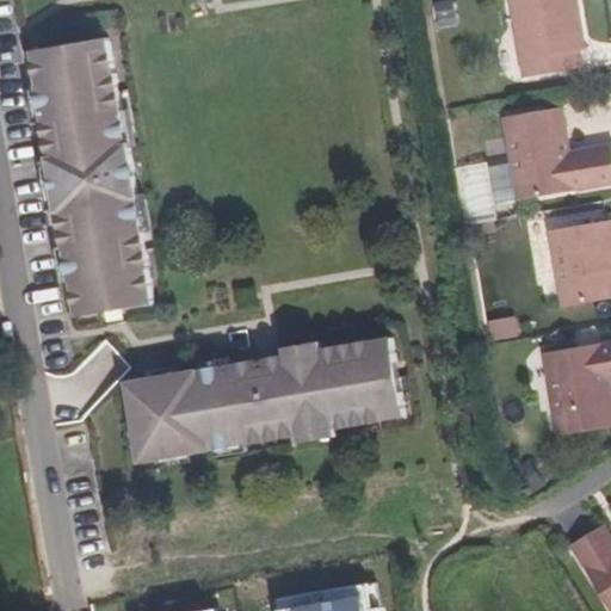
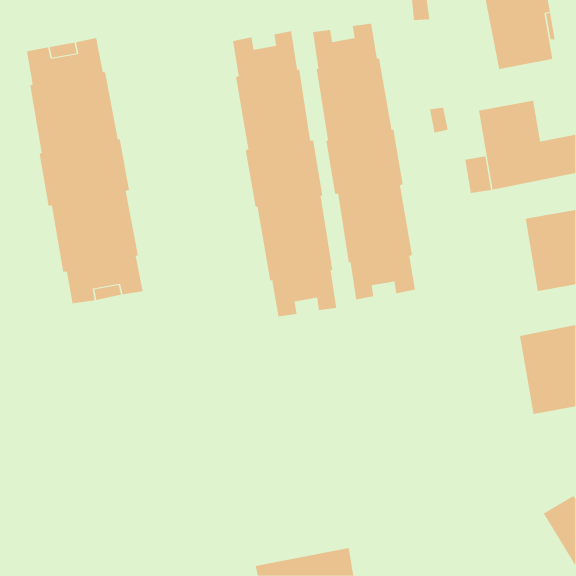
building: none -> [312,23,415,300]
building: none -> [232,31,337,317]
building: [126,337,407,464] -> none

